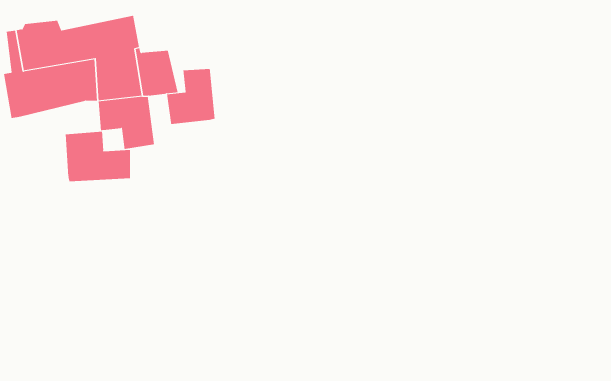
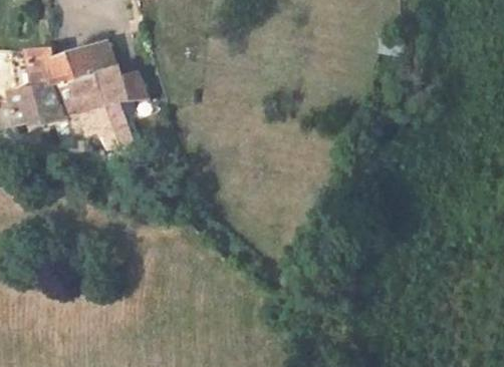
building: [167,68,215,125] -> none
building: [65,131,130,182] -> none

